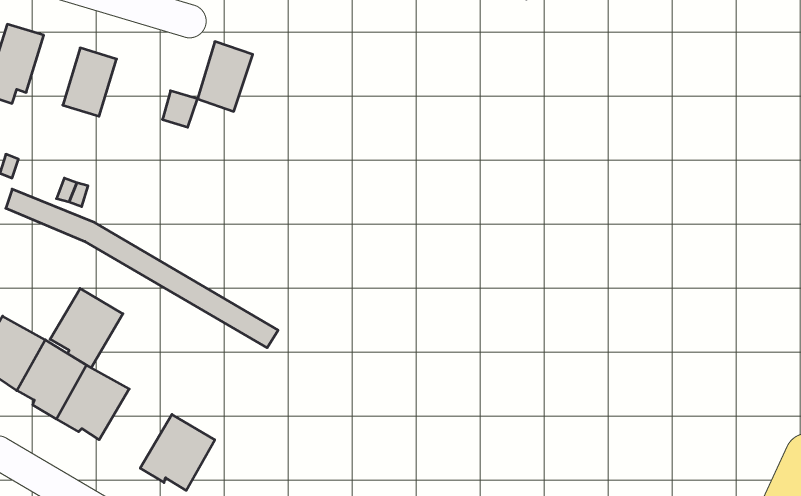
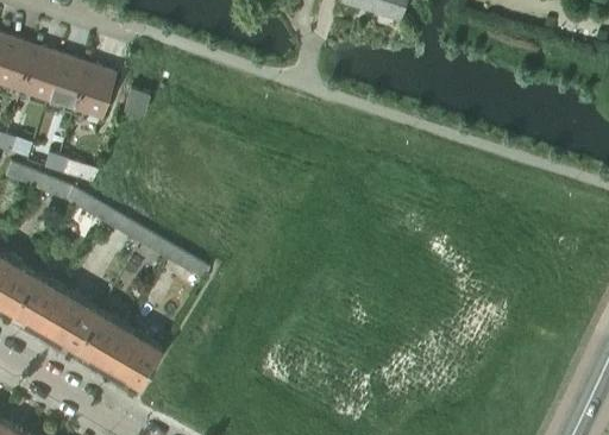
building: none -> [21,45,62,97]
building: [197,42,253,111] -> [76,63,118,115]
building: [50,288,123,368] -> [76,310,131,370]

